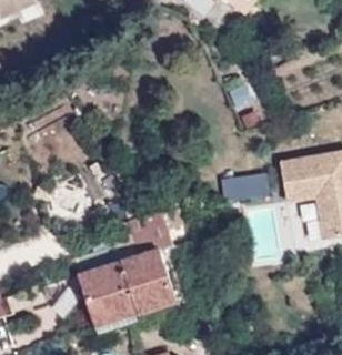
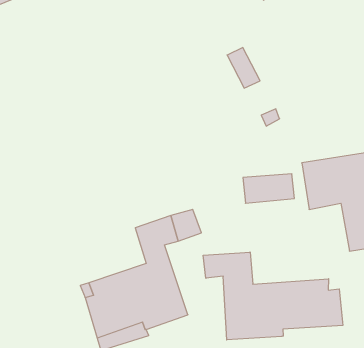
building: none -> [203,252,343,340]

